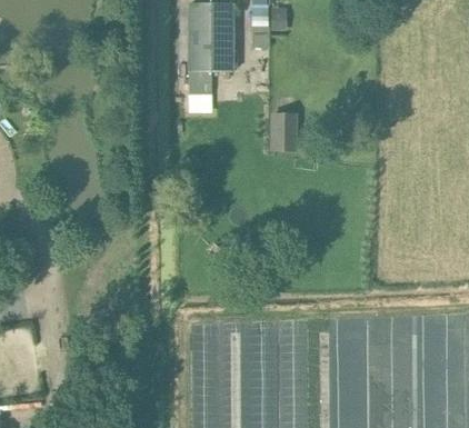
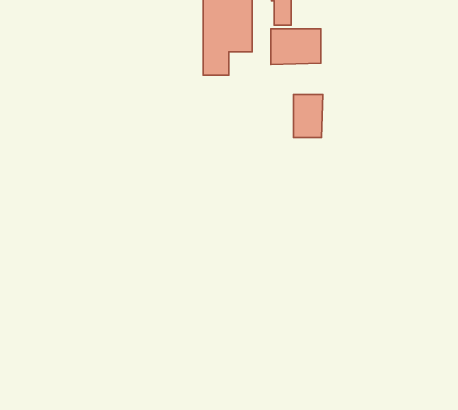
building: none -> [271,29,321,65]

